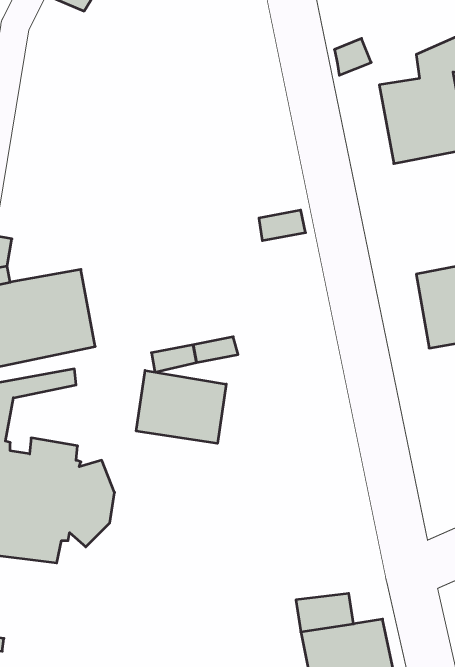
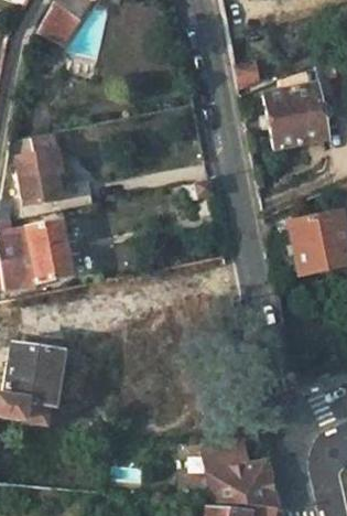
building: none -> [17,131,95,208]
building: [136,370,226,443] -> none

